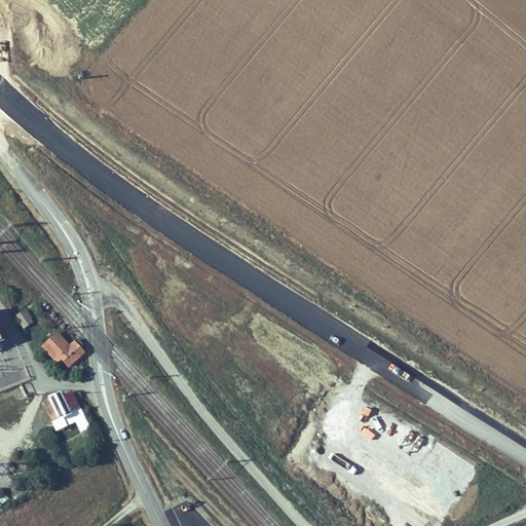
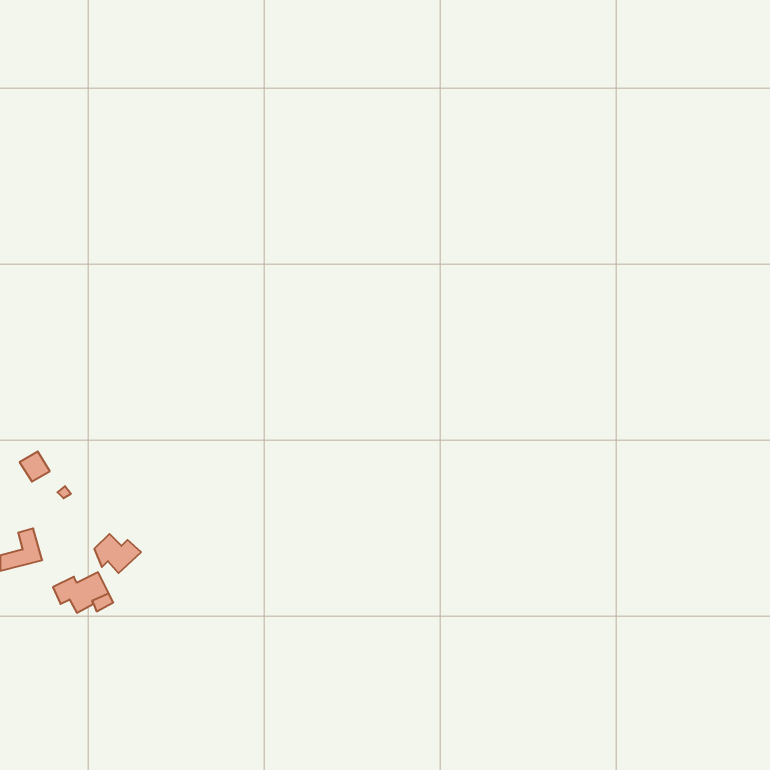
building: [47,336,79,363] -> [94,534,141,573]

